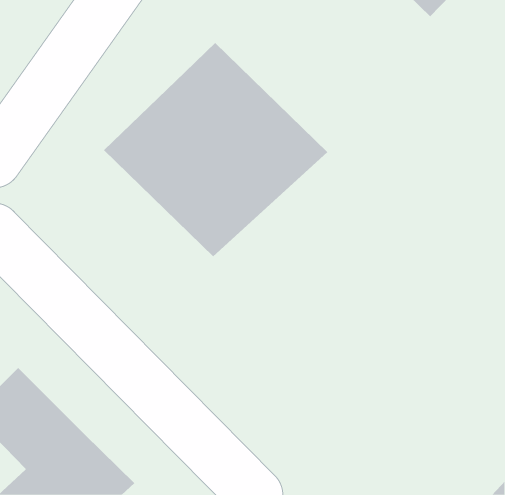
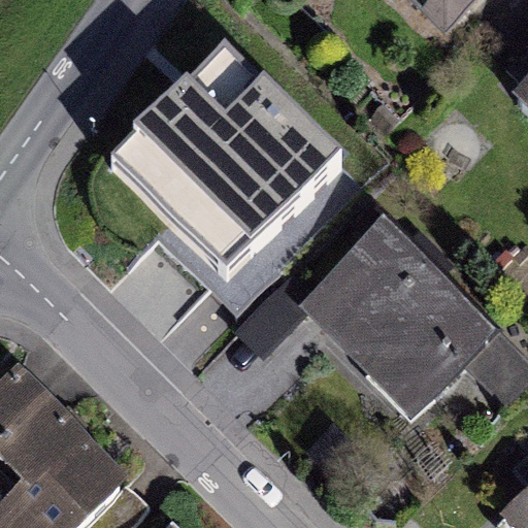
building: none -> [310,231,498,418]

